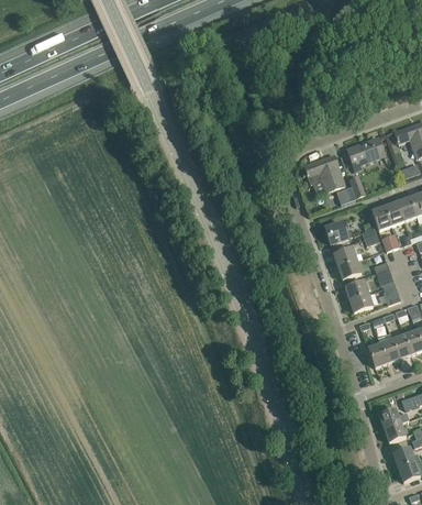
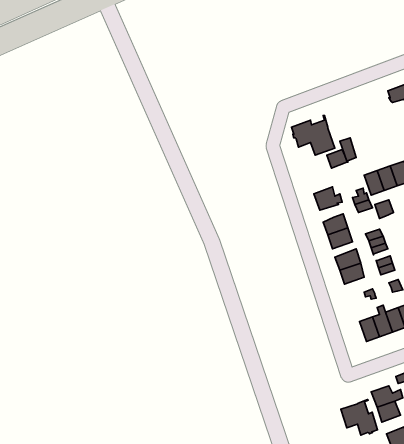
building: [347,136,385,171] -> none
building: none -> [341,399,378,435]

